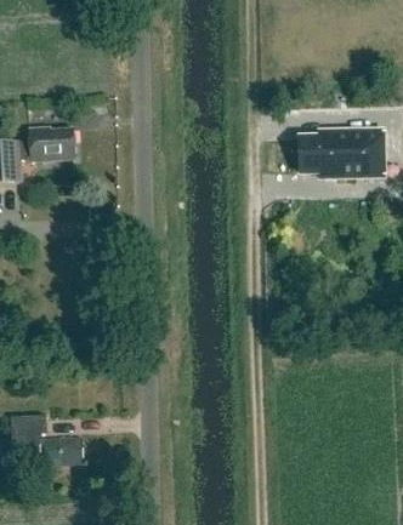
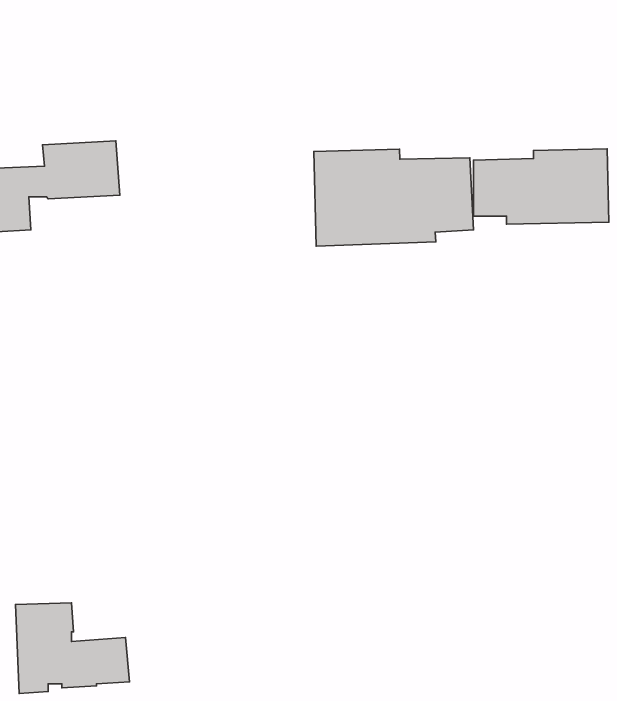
building: none -> [314,149,473,246]

